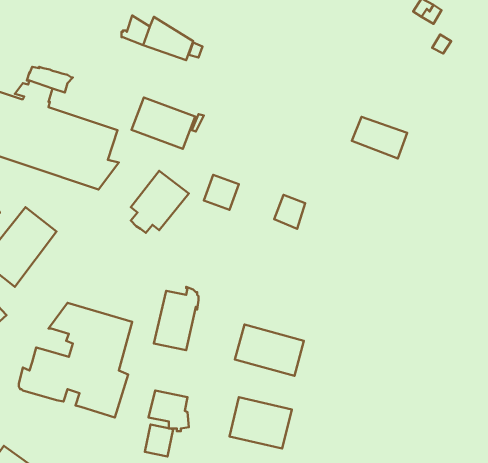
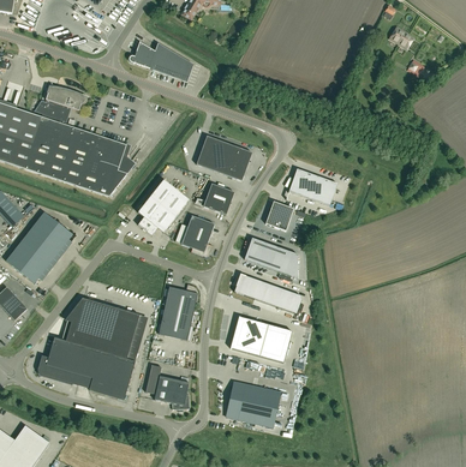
building: [132,98,195,149] -> [196,134,252,180]
building: [352,117,407,159] -> [288,168,337,205]
building: none -> [181,215,215,256]
building: none -> [244,237,298,277]
building: none -> [234,273,301,313]
building: [145,425,173,457] -> none

